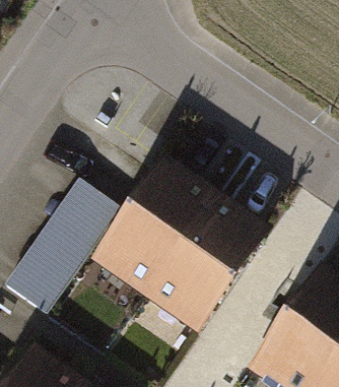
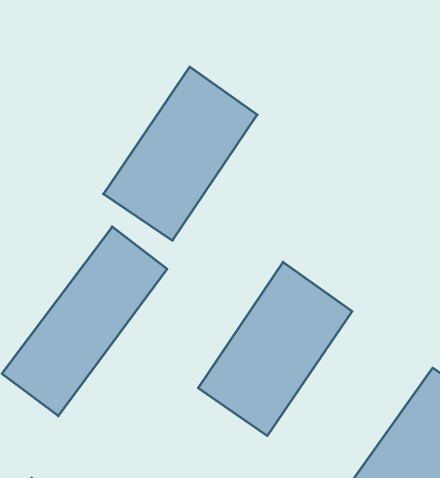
building: [94,166,205,291] -> [103,67,257,240]

